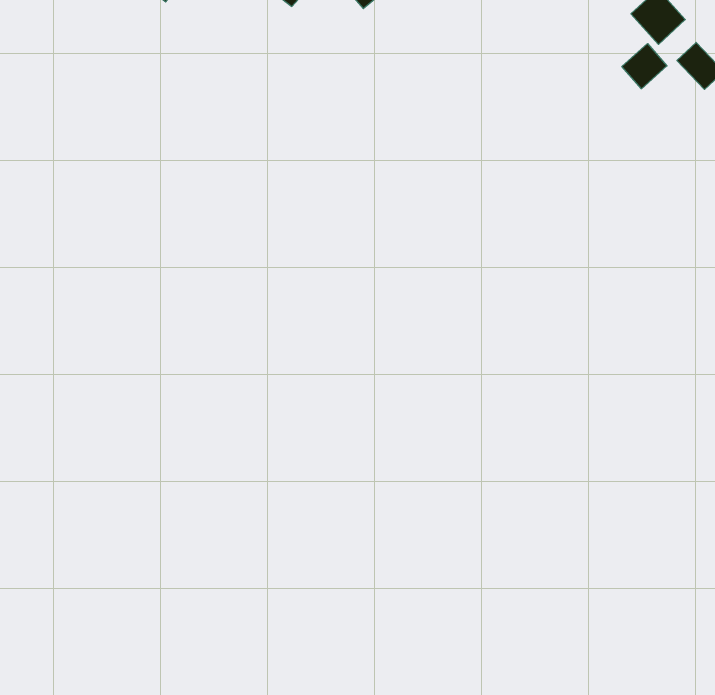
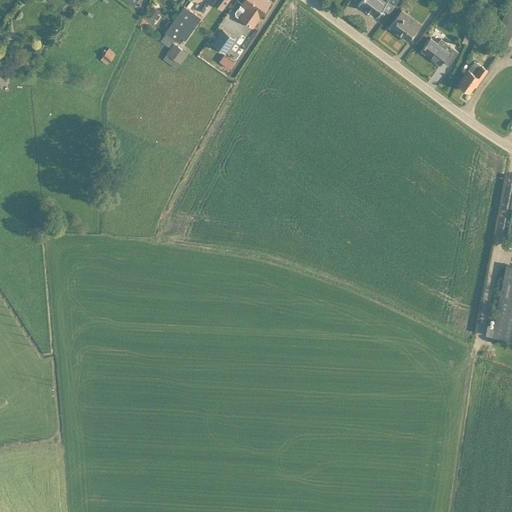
building: [622,44,667,89] -> none

